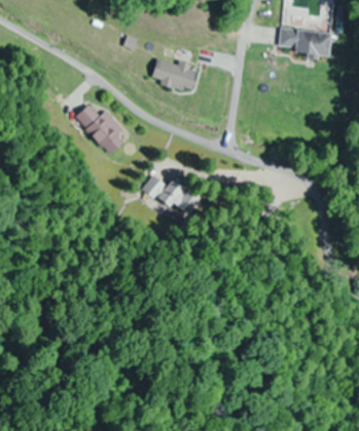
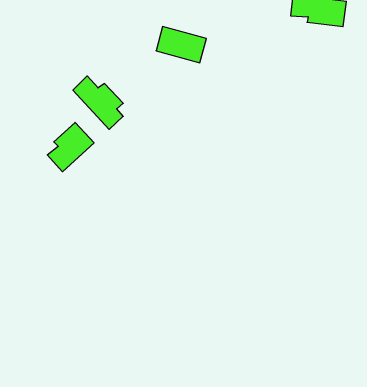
building: none -> [47,122,94,172]
building: [141,173,193,213] -> none

